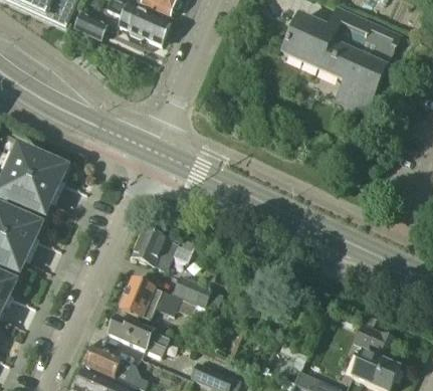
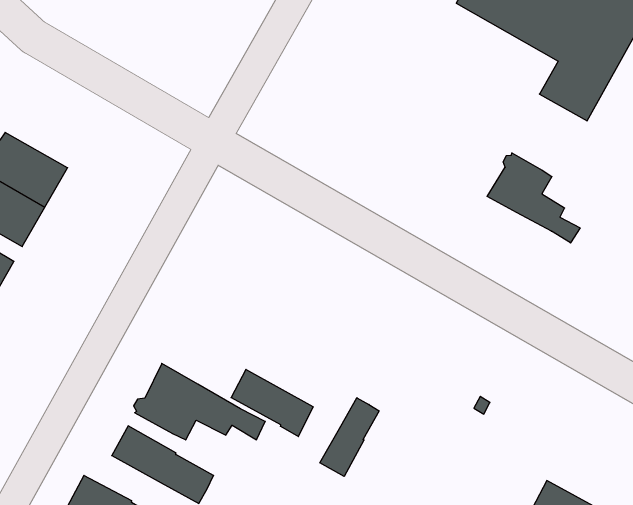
building: none -> [487,153,580,243]
building: [132,227,194,270] -> none
building: none -> [320,398,379,476]

